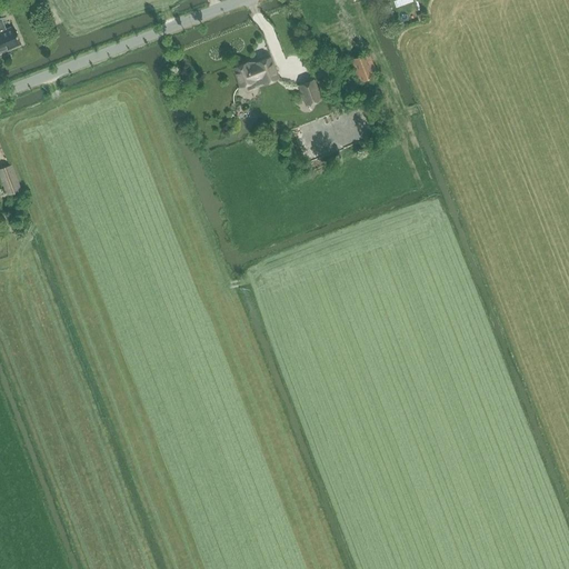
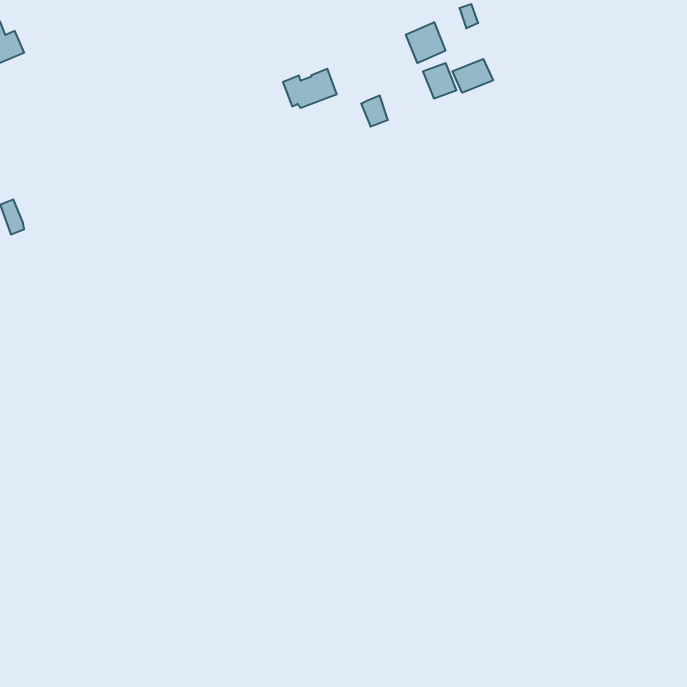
building: none -> [406,22,445,63]
building: none -> [452,59,493,93]

